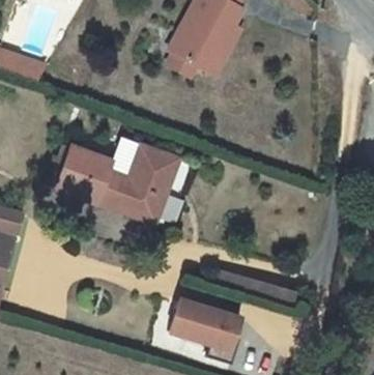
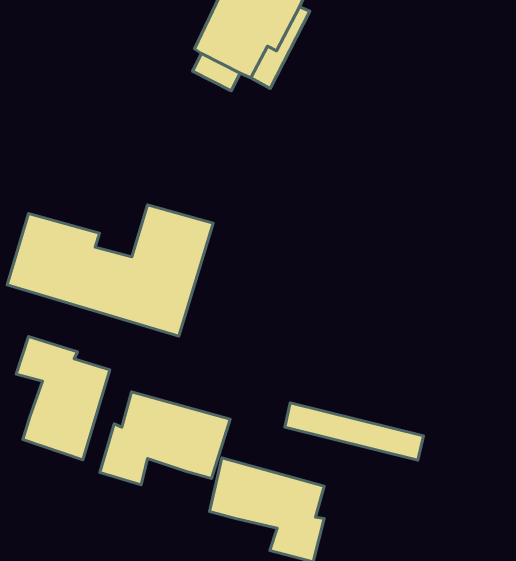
building: none -> [16,337,110,460]
building: none -> [100,392,230,485]

